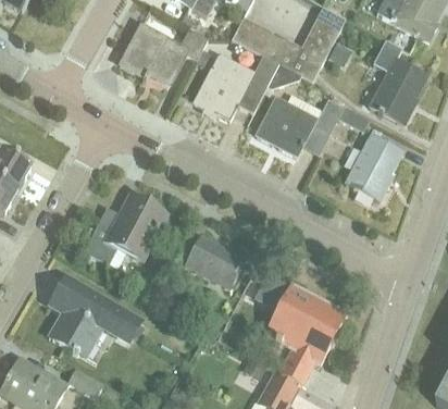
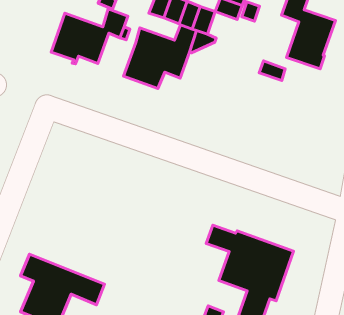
building: [289,47,323,82] -> none
building: [256,94,341,156] -> none
building: [345,135,402,200] -> none
building: [84,197,165,263] -> none
building: [166,236,245,288] -> none

